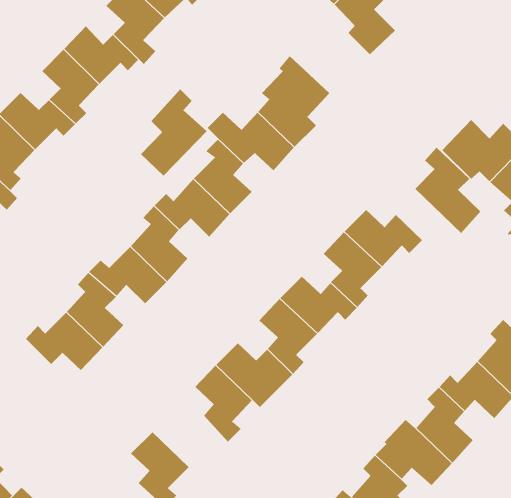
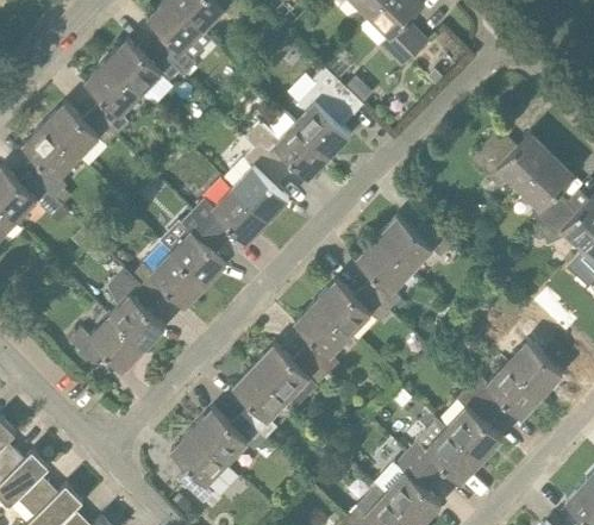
building: [140,88,207,177] -> none
building: [415,147,481,234] -> none
building: none -> [192,408,275,464]

